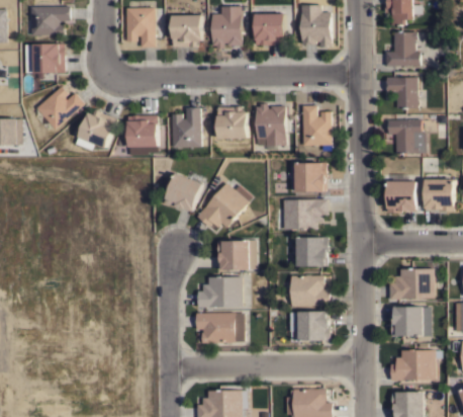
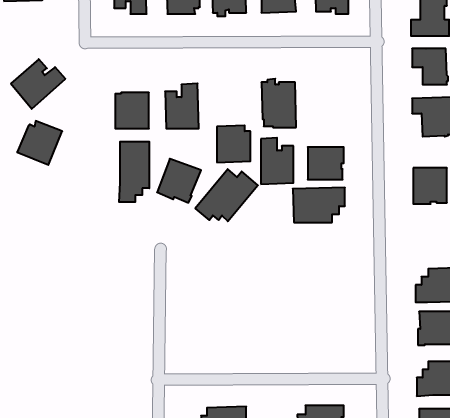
building: [32,44,65,73] -> none
building: [302,105,331,146] -> [261,138,293,184]
building: [217,106,247,139] -> [217,125,250,162]
building: [78,109,117,148] -> [17,121,62,165]
building: none -> [119,142,149,202]
building: [296,237,329,266] -> none
building: [217,240,256,270] -> none
building: [290,275,330,306] -> none
building: [197,276,242,307] -> none
building: [298,311,331,340] -> none
building: [196,313,245,343] -> none

